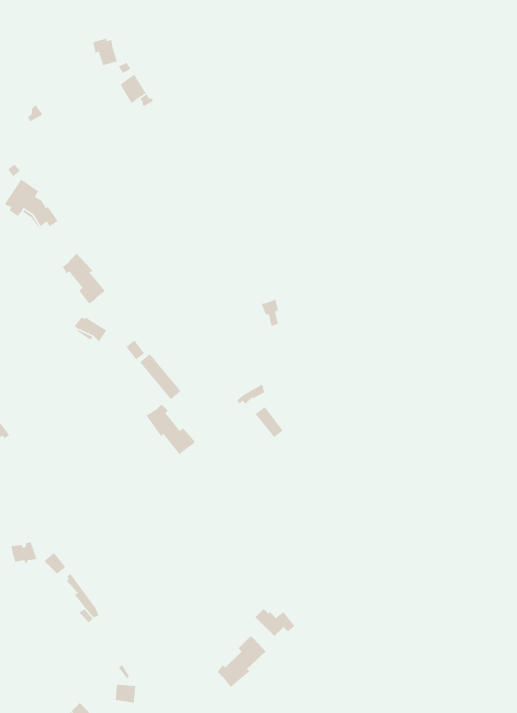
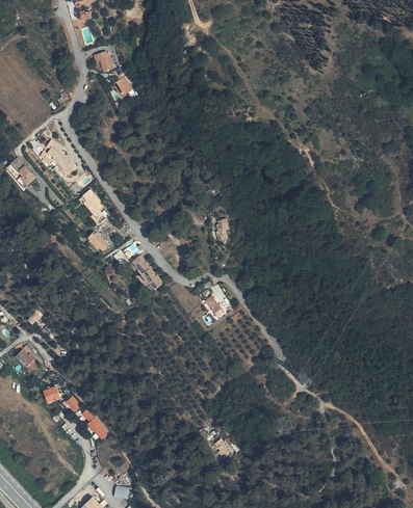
building: [145,404,196,455] -> none
building: [217,635,266,688] -> none

